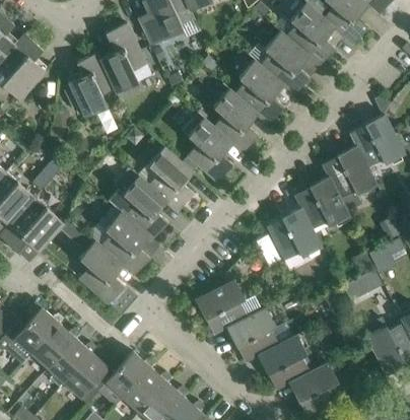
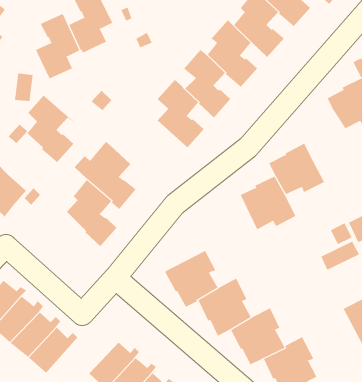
building: [148,147,194,212] -> [26,95,74,163]
building: [323,147,378,196] -> none
building: [79,239,125,305] -> none
building: [107,352,155,398] -> none

